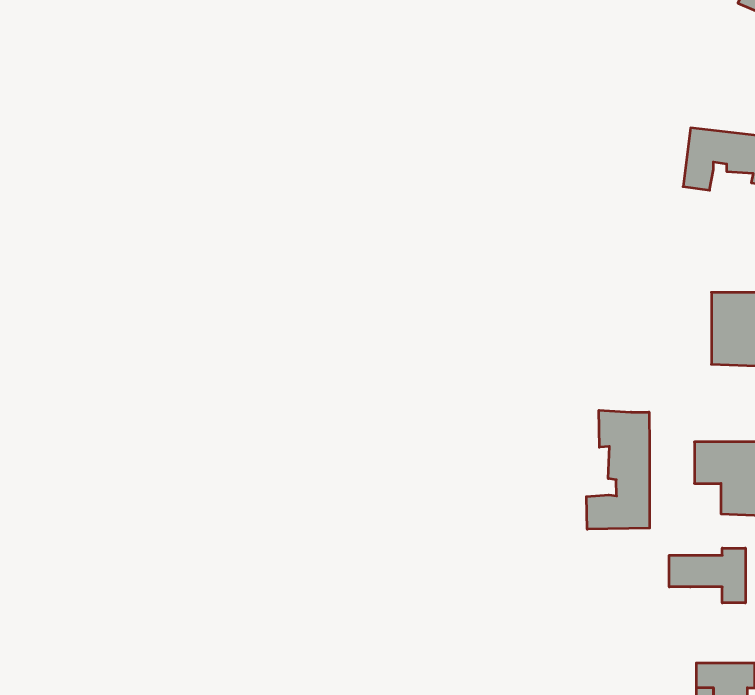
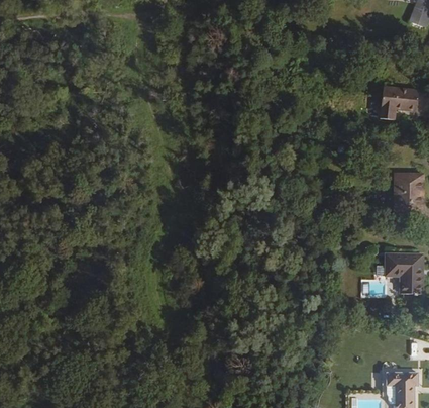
building: [586,410,650,529] -> none
building: [669,548,745,603] -> none

